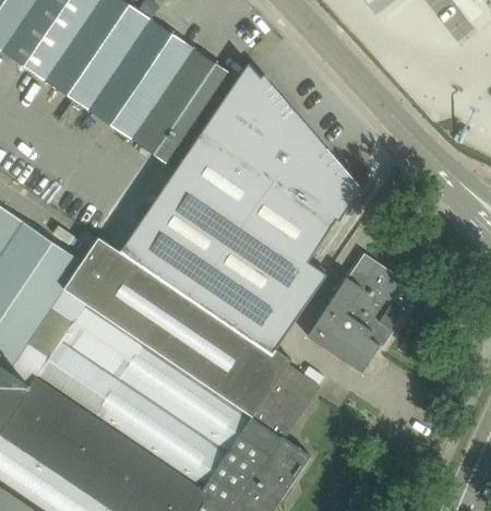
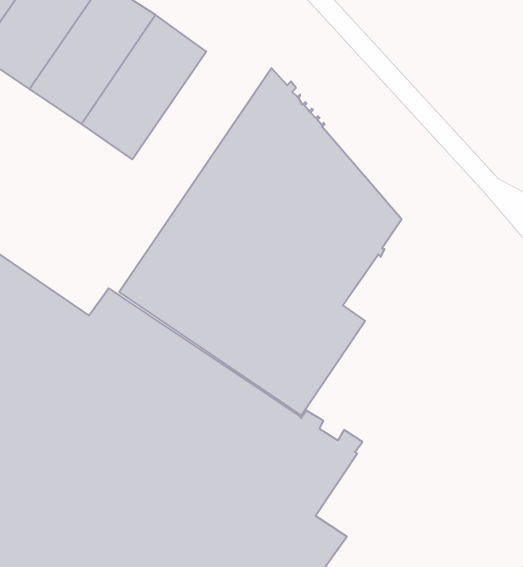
building: [131,48,237,168] -> none
building: [308,252,406,371] -> none

